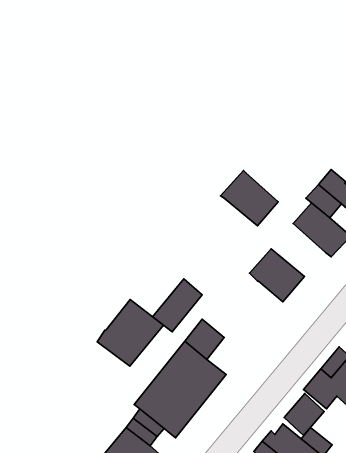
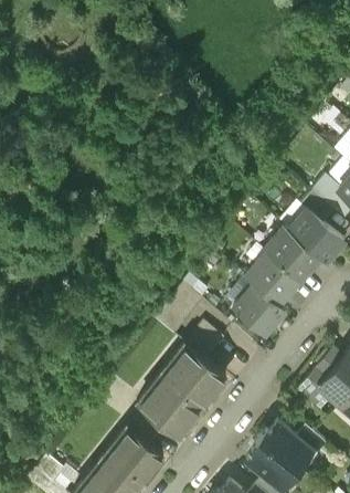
building: [221,171,278,226] -> [265,228,320,281]
building: none -> [235,285,286,335]
building: [97,299,163,366] -> none
building: [284,394,324,435] -> none

